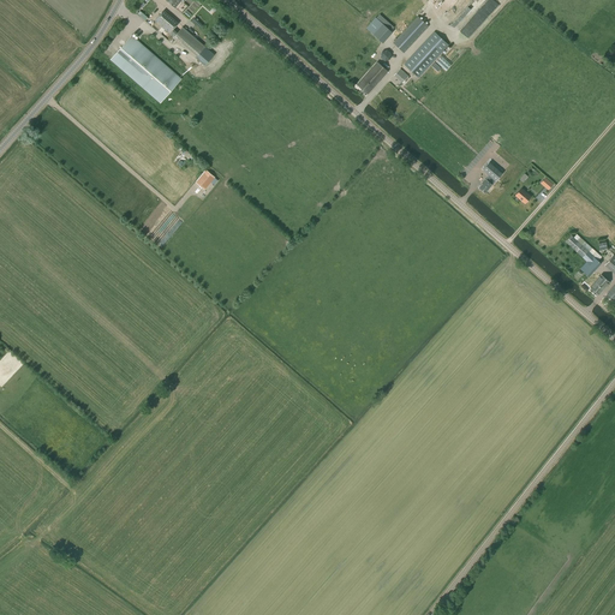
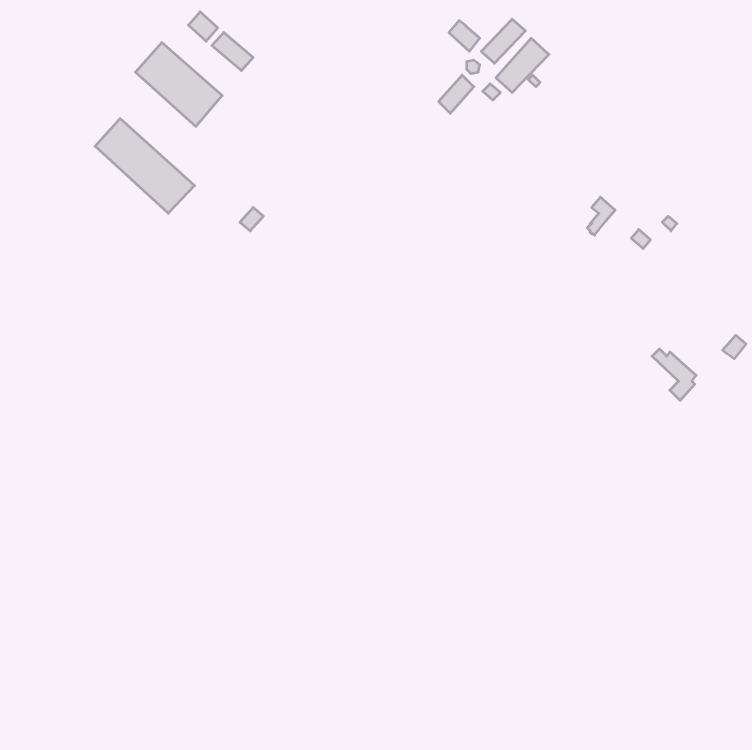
building: none -> [95,119,195,213]
building: [566,234,602,276] -> [652,349,696,400]

